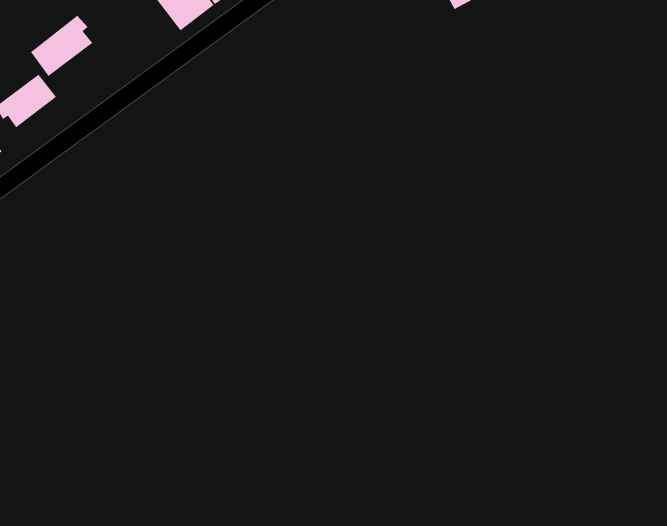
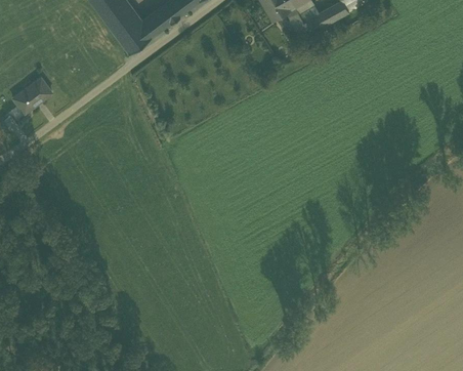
building: [30,15,93,77] -> none

